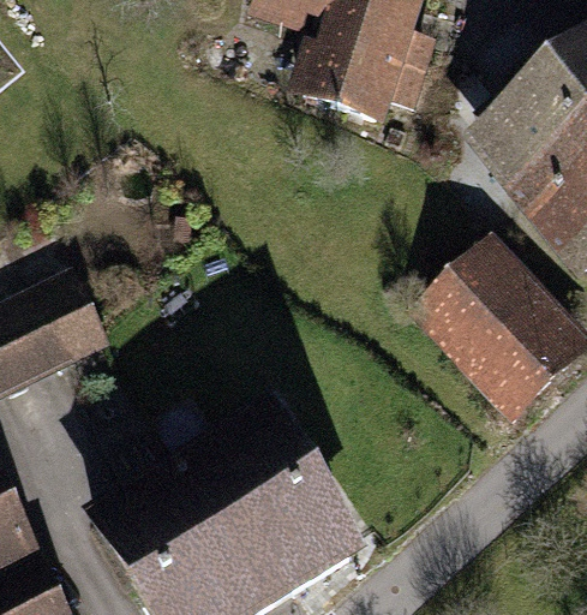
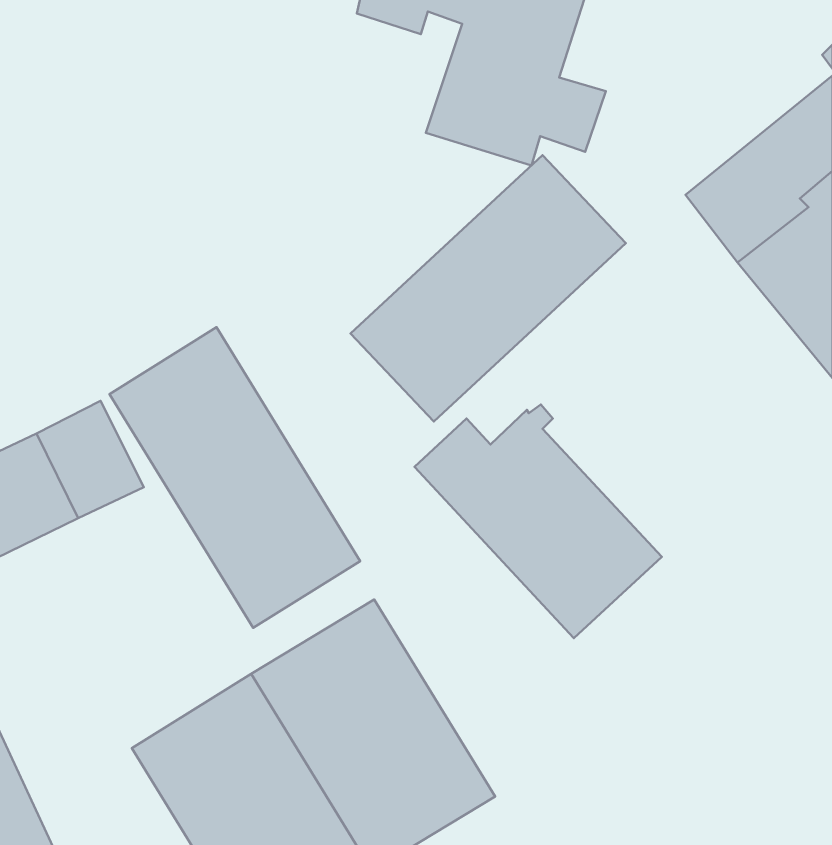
building: none -> [351,155,626,422]
building: none -> [110,327,360,628]
building: [407,252,579,414] -> [414,405,662,638]

